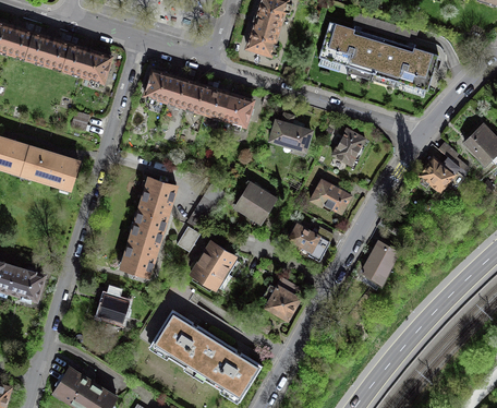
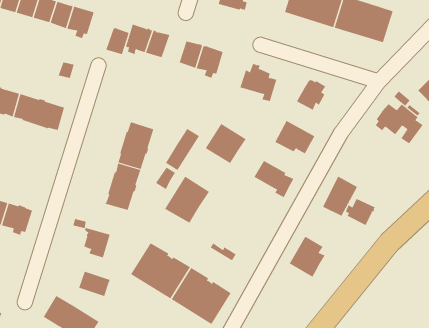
building: [185,82,211,112] -> [106,27,130,55]
building: none -> [345,198,376,226]
building: [263,275,303,321] -> [289,236,326,278]
building: none -> [78,271,110,297]

